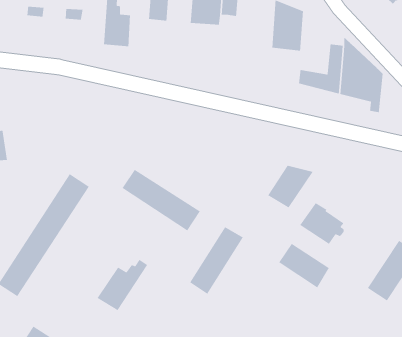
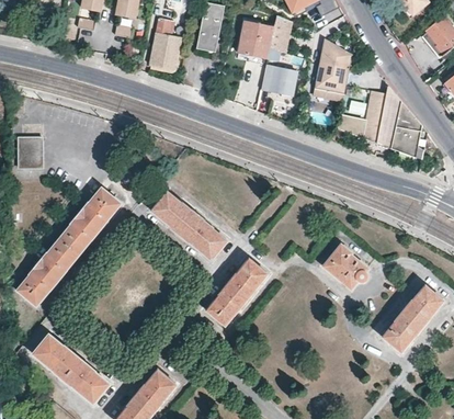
building: none -> [261,66,297,99]
building: [267,165,314,209] -> none
building: [278,243,330,288] -> none
building: [96,259,148,311] -> none

